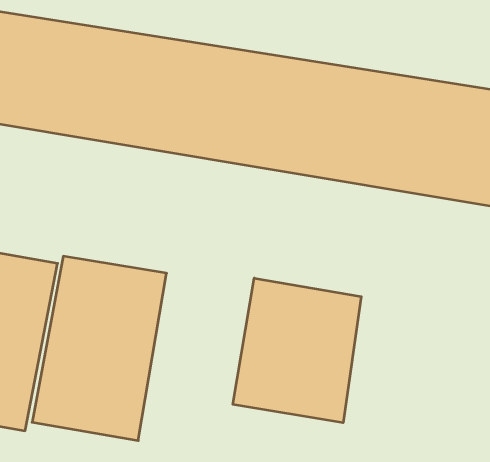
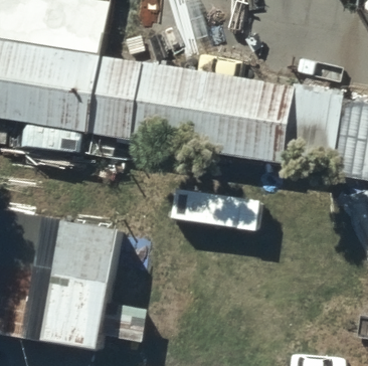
building: [233,278,361,423] -> none

